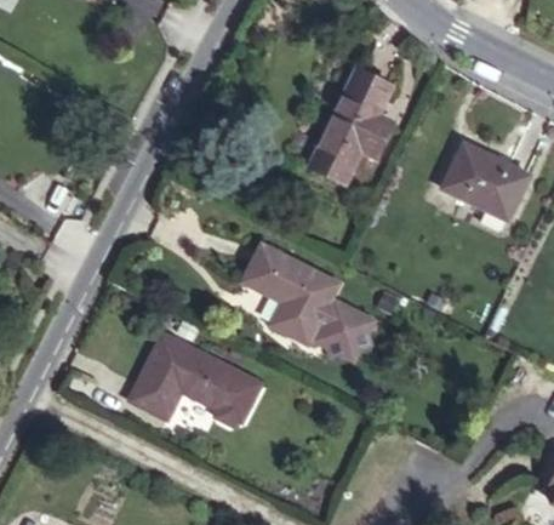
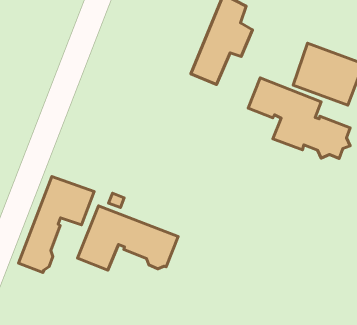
building: [246,242,375,356] -> [248,78,350,158]
building: none -> [18,176,94,272]

